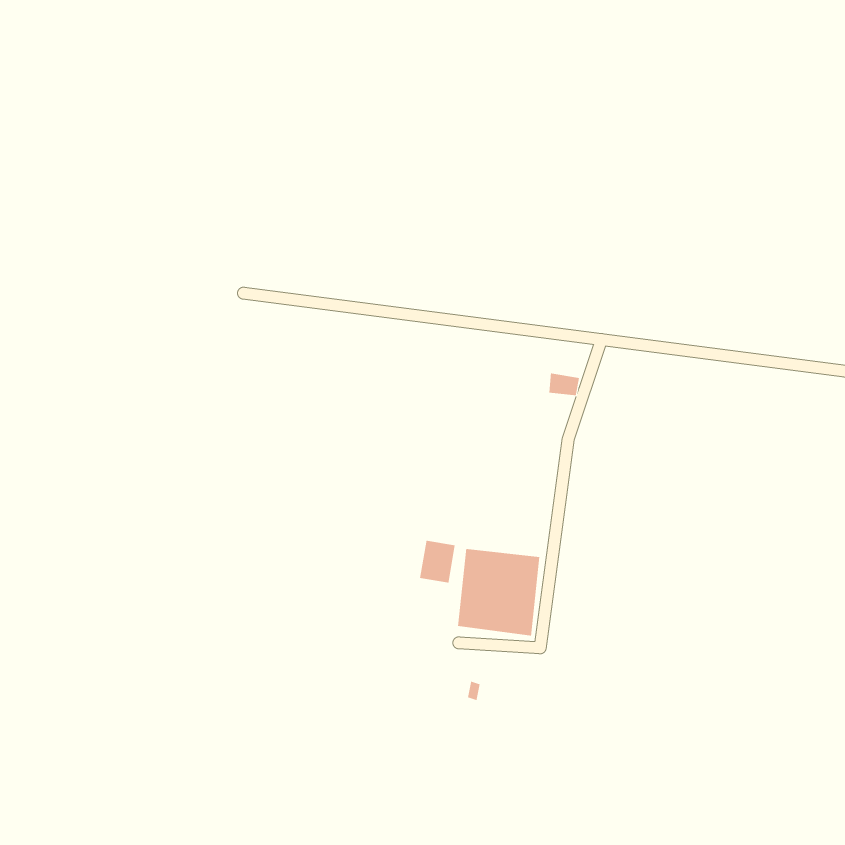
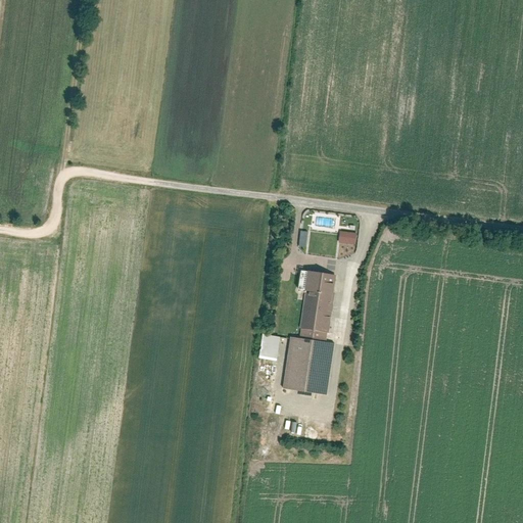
building: none -> [299,271,333,339]

